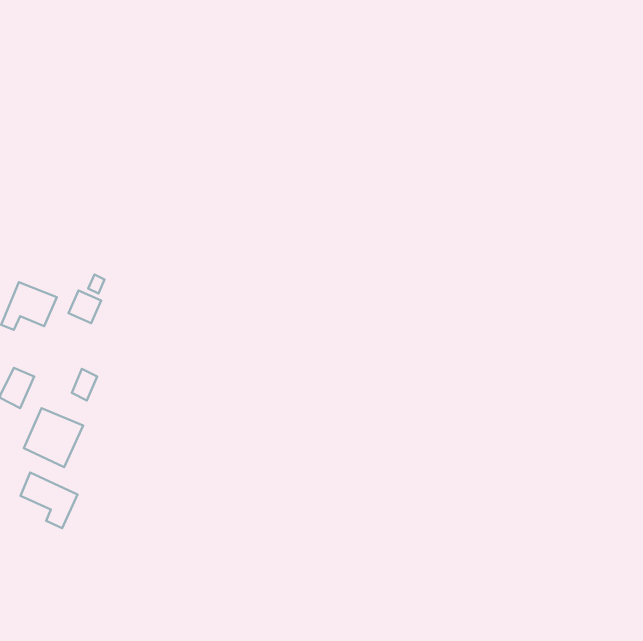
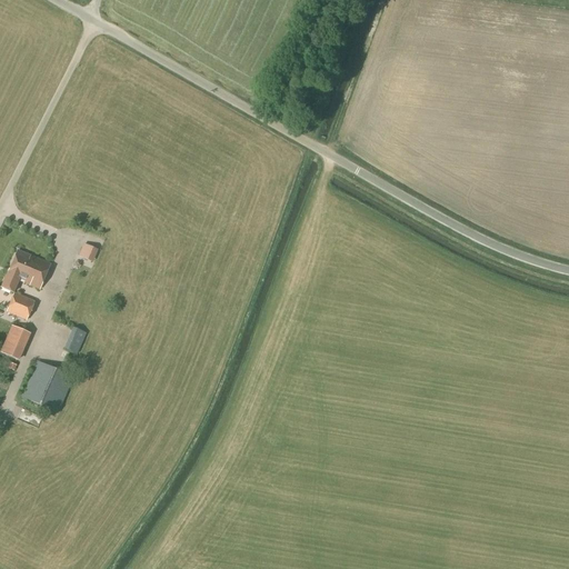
building: [68,290,101,323] -> [7,291,36,320]
building: [20,473,77,528] -> none

